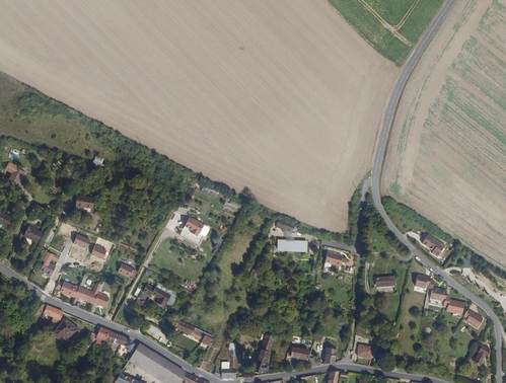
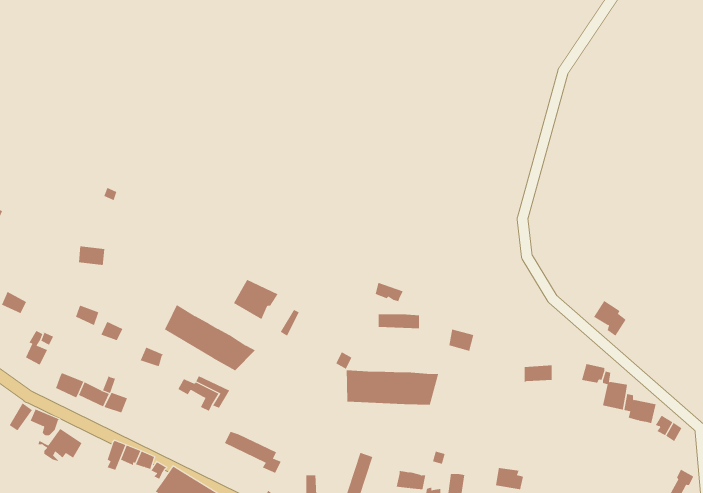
building: none -> [164,304,256,371]
building: none -> [346,369,439,405]

